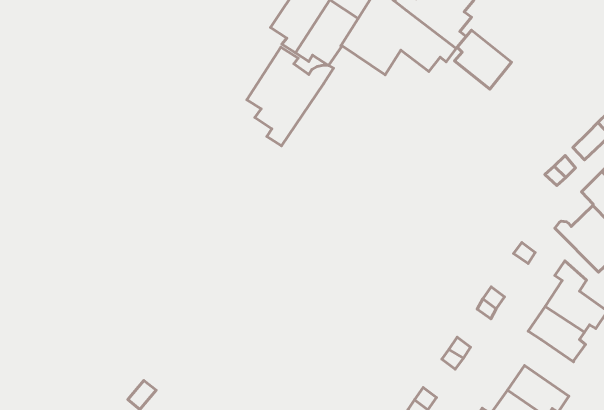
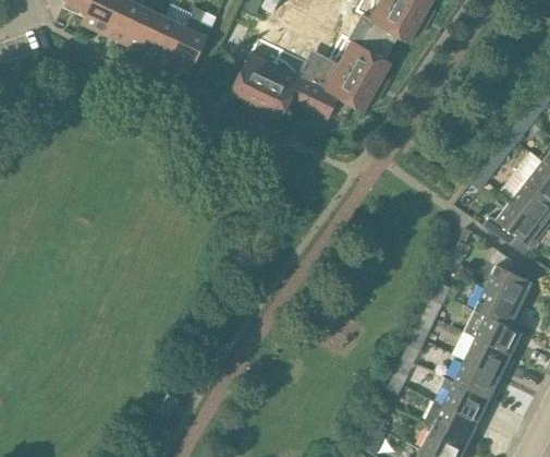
building: [454,30,511,89] -> none
building: [247,47,333,146] -> none
building: none -> [474,315,521,358]

